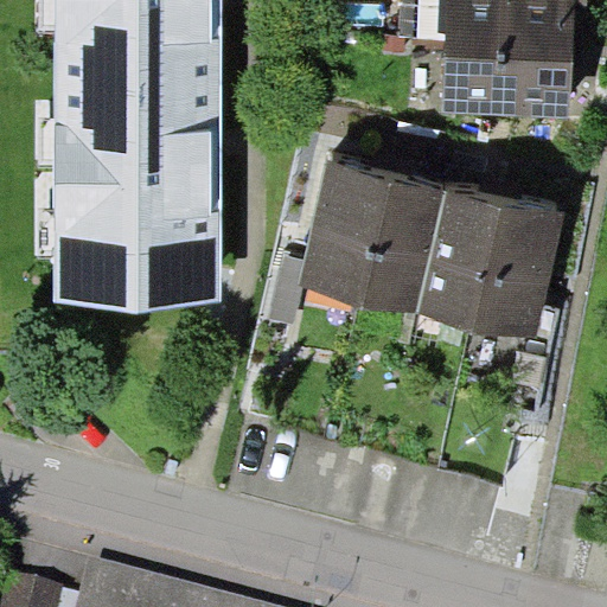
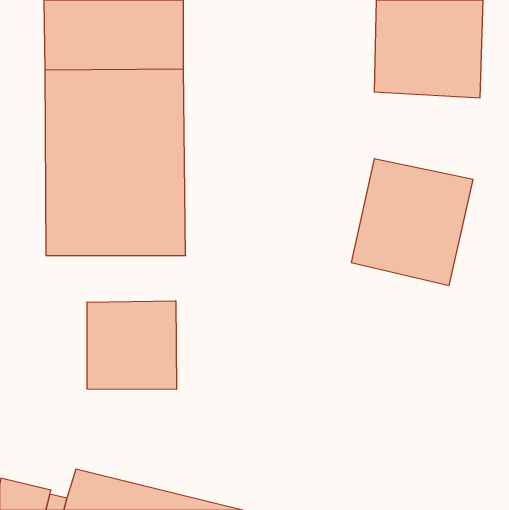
building: [296,161,445,312] -> none
building: none -> [87,301,176,389]

